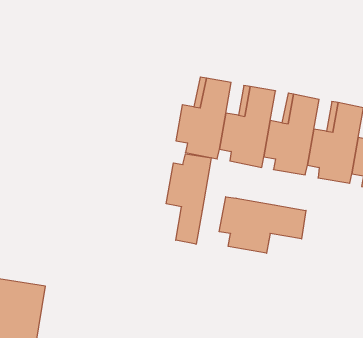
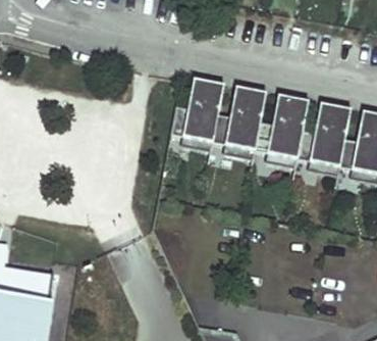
building: [166,154,211,244] -> none
building: [219,197,306,253] -> none

